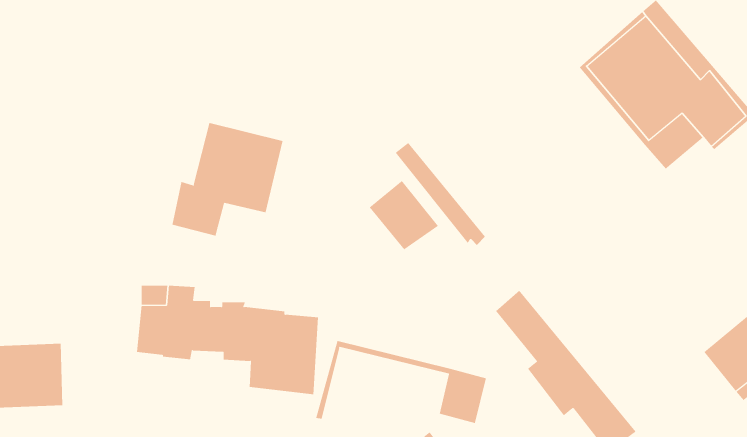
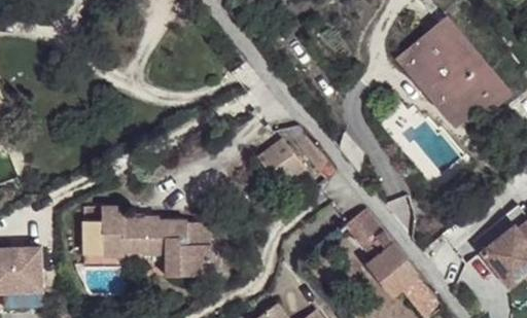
building: [172,122,283,237] -> none
building: [316,340,487,424] -> none

